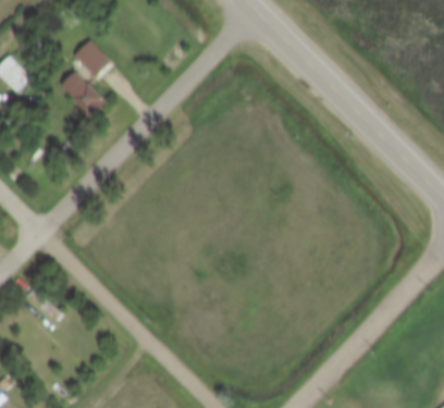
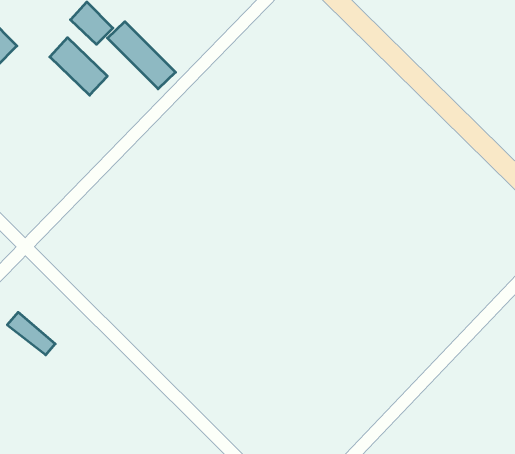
building: none -> [107,22,176,89]

